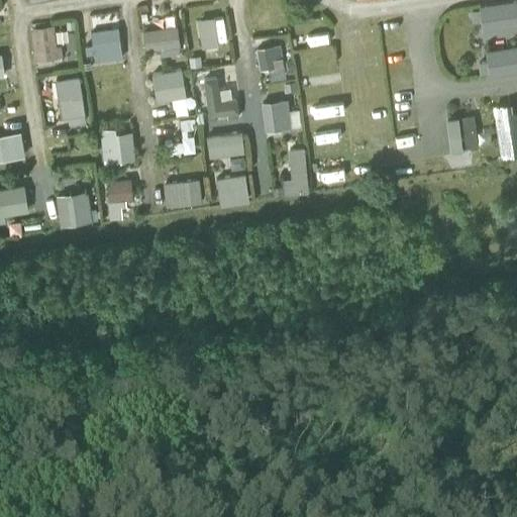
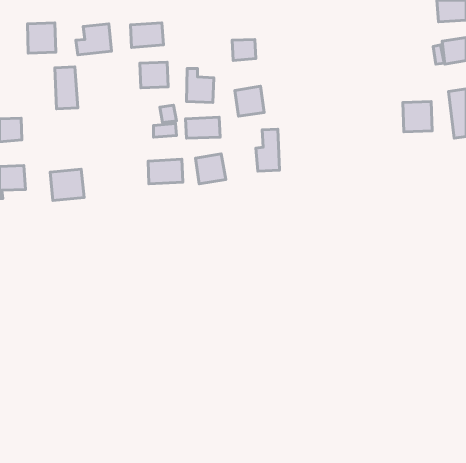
building: [198,19,227,49] -> none
building: [100,129,136,164] -> none
building: [106,181,134,204] -> none

